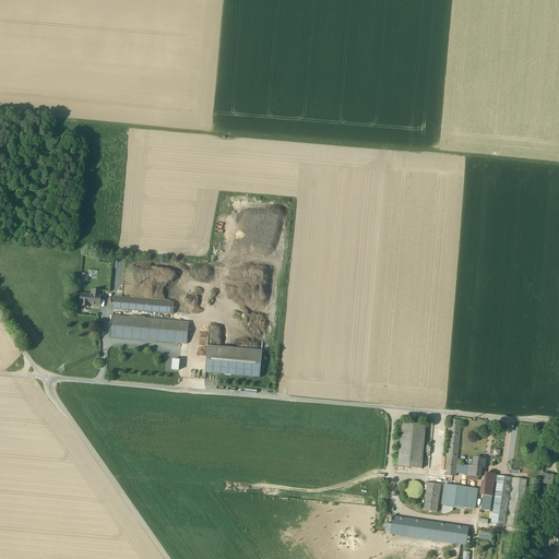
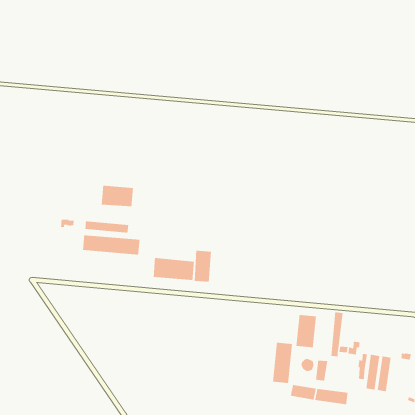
building: none -> [101,185,134,207]
building: none -> [194,250,212,283]
building: none -> [272,342,293,384]
building: [441,485,477,508] -> none

